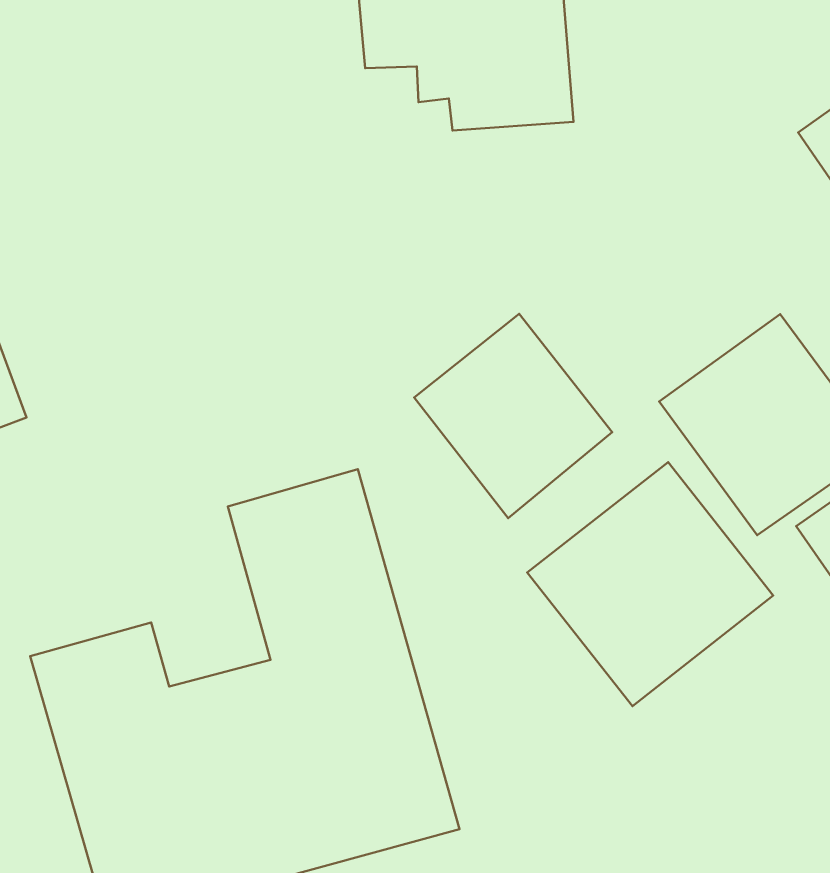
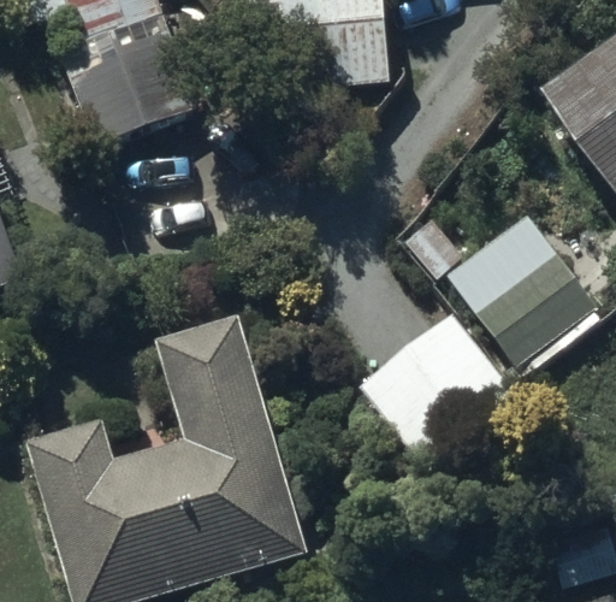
building: none -> [61,14,194,150]
building: [414,314,612,518] -> none

